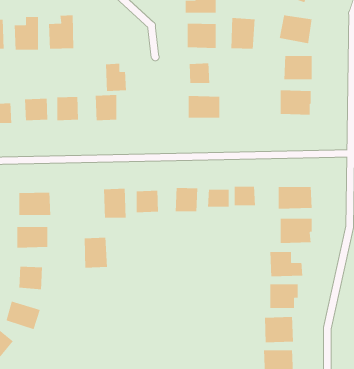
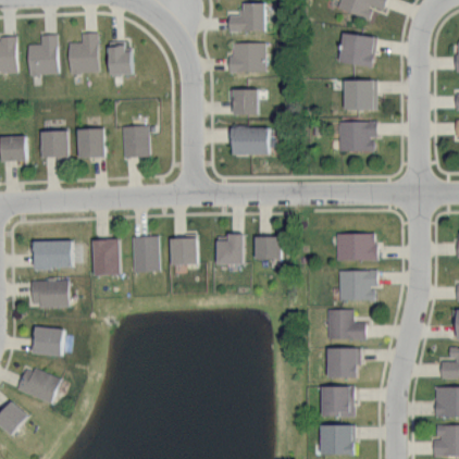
building: [231,17,255,50] -> none
building: [105,63,127,92] -> [107,41,132,75]
building: [234,186,256,206] -> none
building: [84,237,108,268] -> [91,239,120,276]

